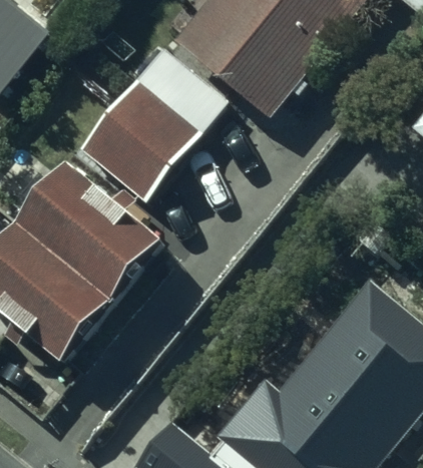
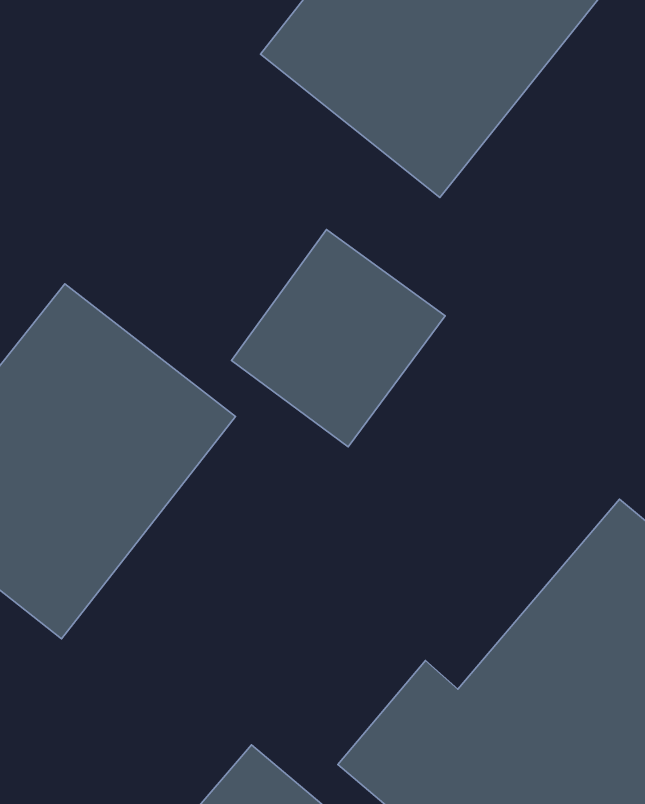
building: [82,76,201,197] -> [232,230,445,447]

